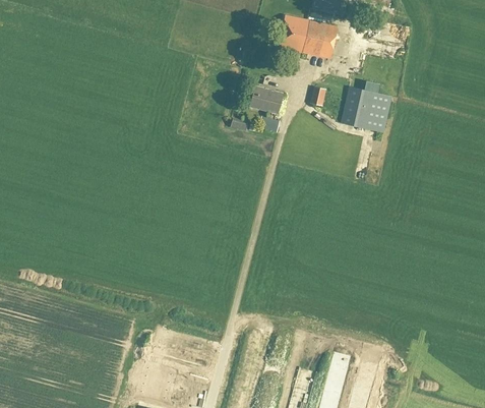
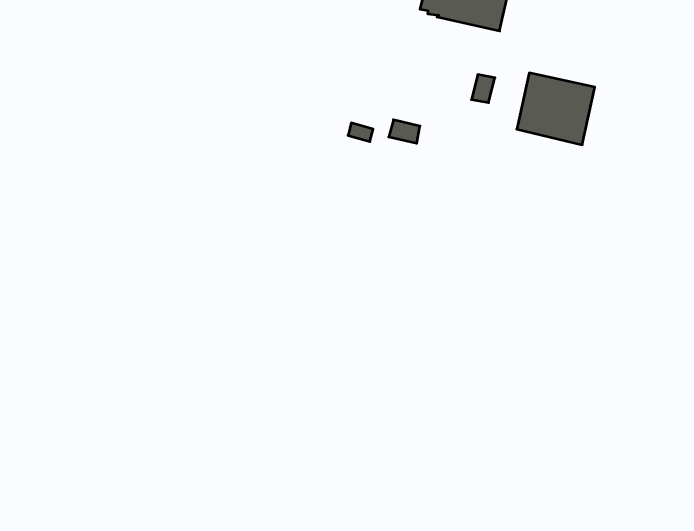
building: [249,84,283,113] -> none

